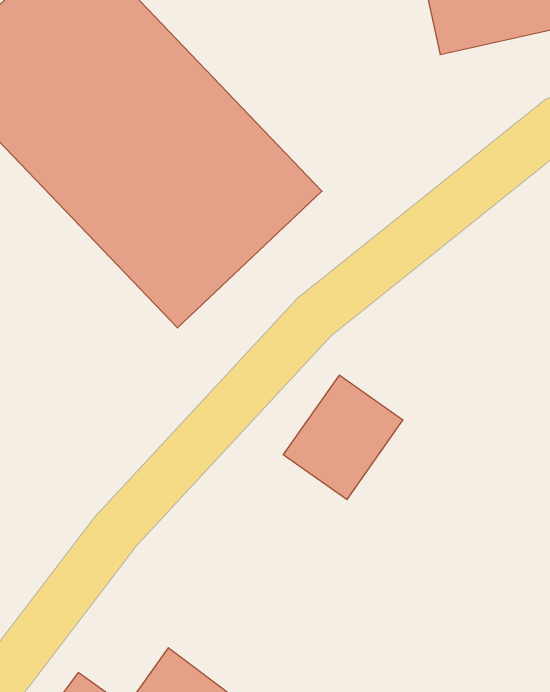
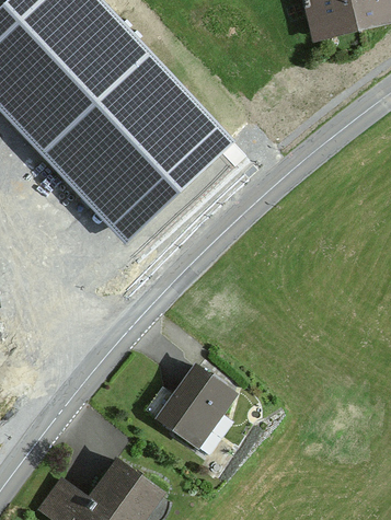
building: [283,375,403,500] -> [153,363,238,451]

